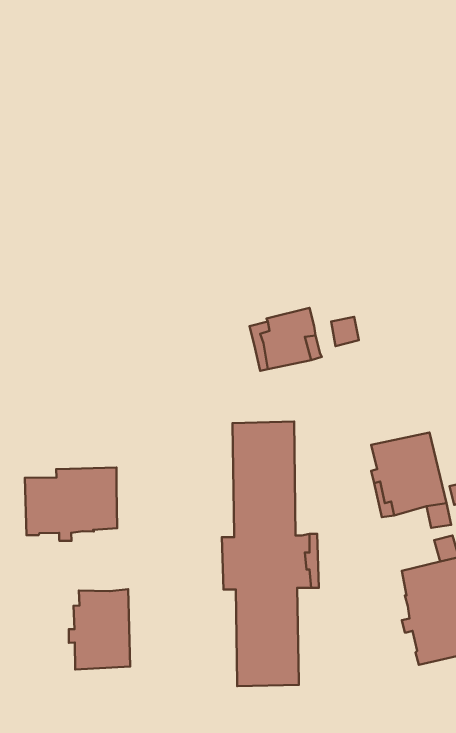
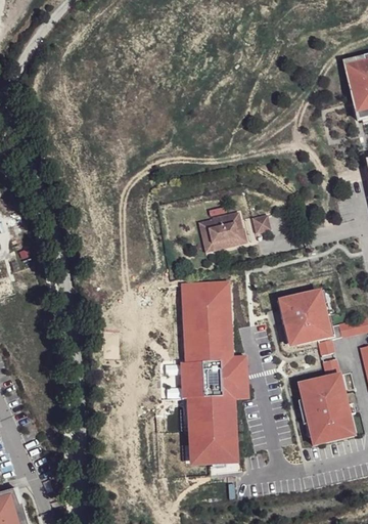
building: [25,467,117,541] -> none
building: [69,589,130,670] -> none

